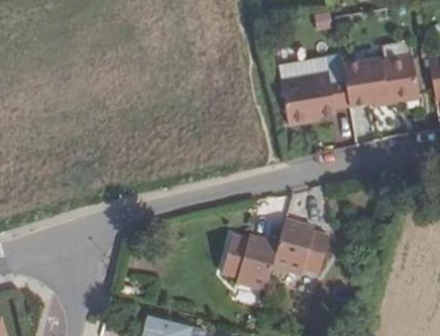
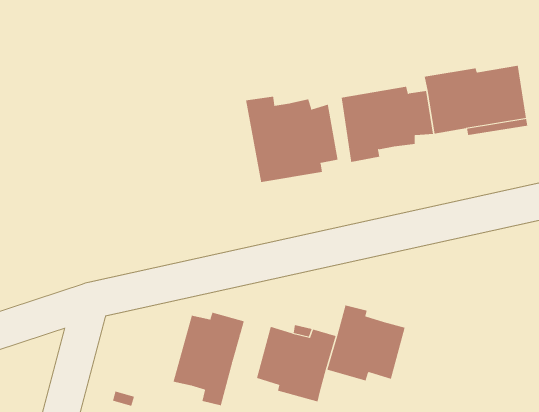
building: none -> [246,96,338,183]
building: none -> [173,312,245,406]

